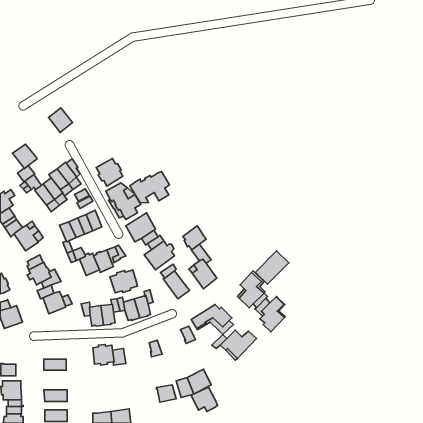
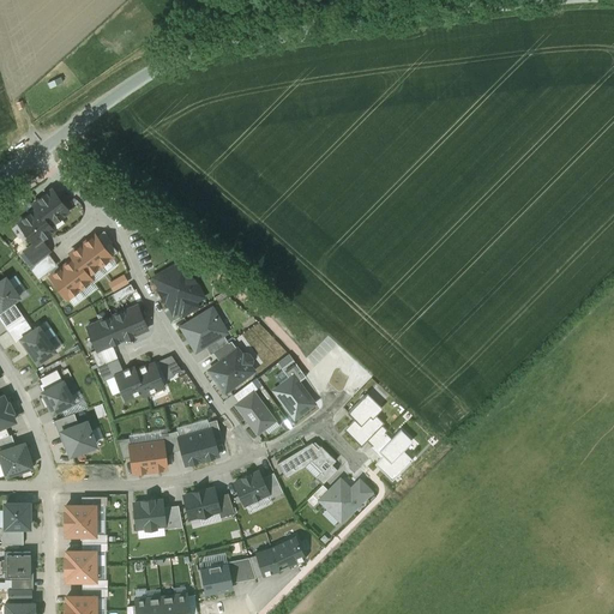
building: [49,108,73,133] -> [34,189,68,225]
building: [96,158,123,186] -> none
building: [130,171,169,203] -> none
building: [183,226,206,250] -> none
building: [255,251,289,284] -> none
building: [110,270,137,293] -> none
building: none -> [234,471,269,505]
building: none -> [183,488,219,518]
building: none -> [64,502,96,520]
building: none -> [5,504,30,528]
building: none -> [64,548,97,565]
building: [191,387,218,411] -> none
building: none -> [200,562,233,595]

